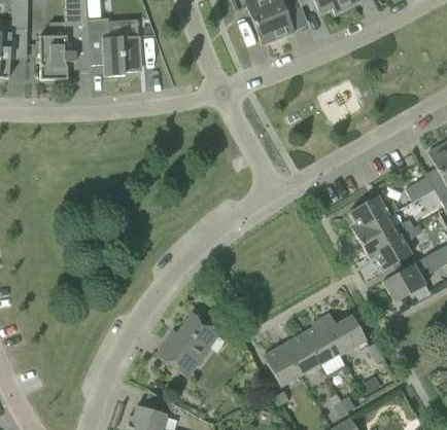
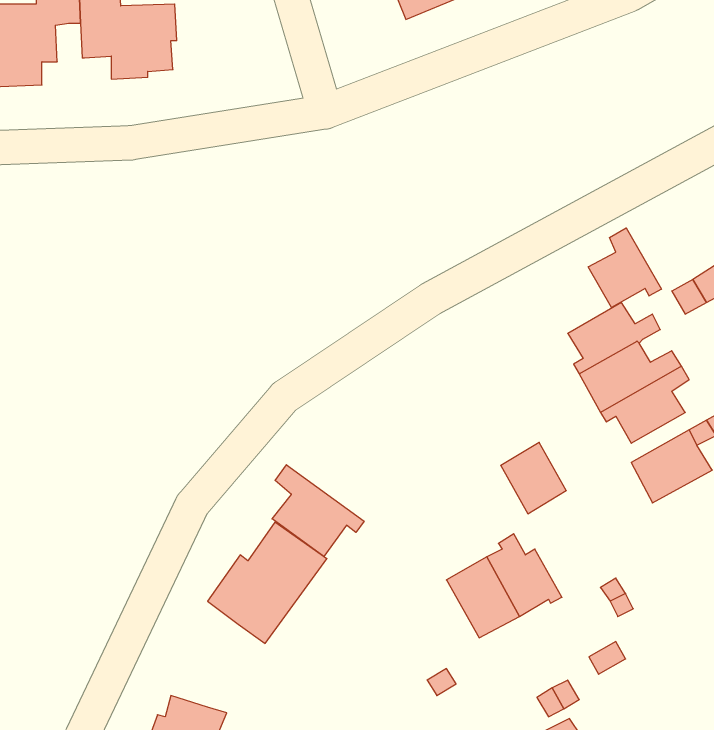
building: none -> [588,228,661,308]
building: none -> [272,465,364,557]
building: [332,314,367,352] -> [501,442,566,514]
building: [264,343,302,386] -> none

